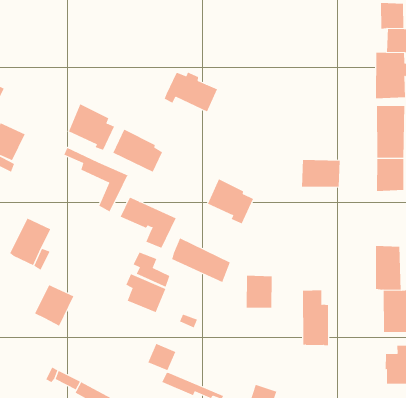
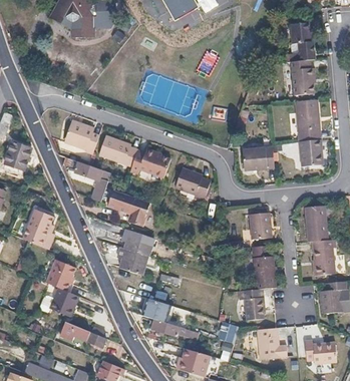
building: [164,72,218,112] -> [129,150,169,179]
building: [171,238,230,283] -> none
building: [246,275,272,308] -> [248,214,270,240]
building: none -> [49,287,79,316]
building: none -> [238,289,263,321]

